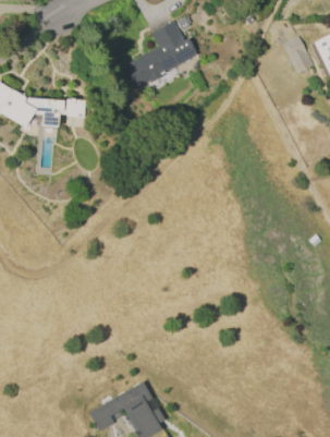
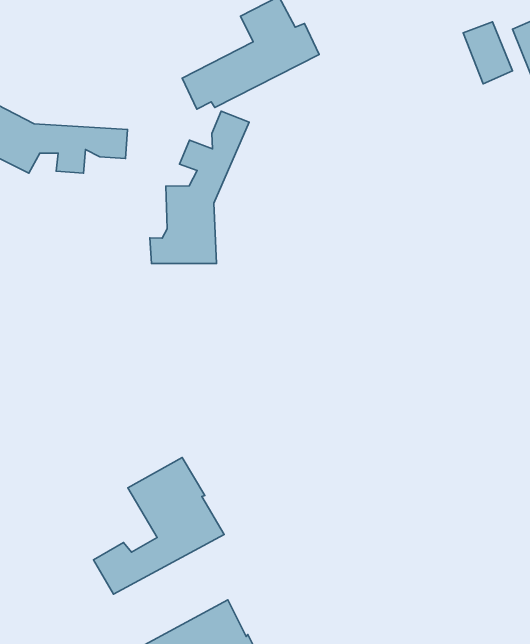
building: none -> [150,111,249,263]
building: none -> [93,457,224,594]

